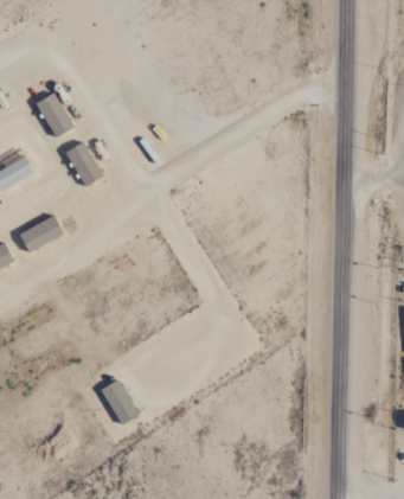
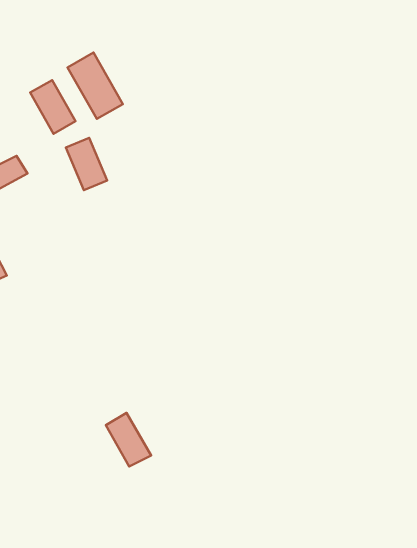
building: none -> [68,53,123,119]
building: [18,215,65,252] -> none

